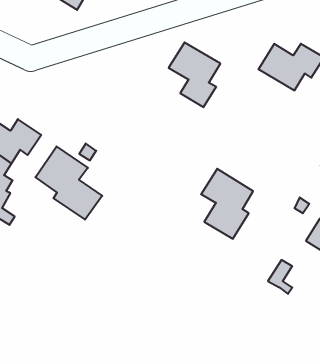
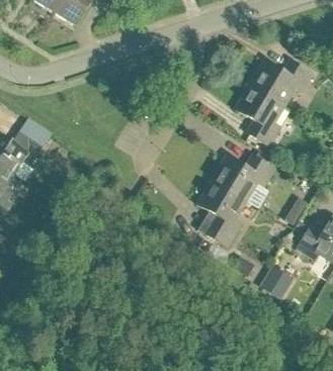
building: [169,42,220,107] -> [235,83,284,145]
building: none -> [211,154,273,199]
building: [35,146,102,220] -> none

